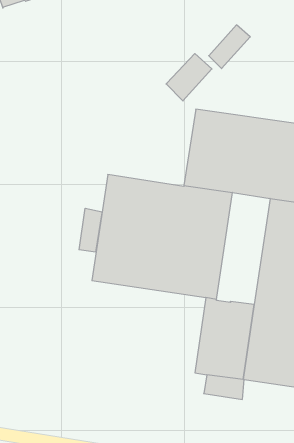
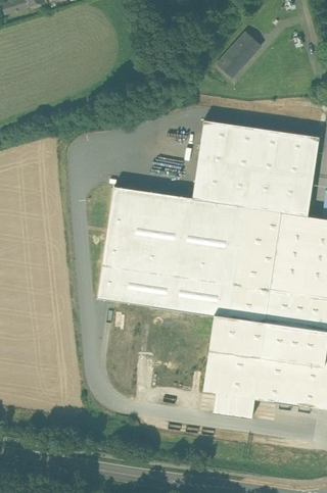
building: [166,54,212,101] -> none
building: none -> [226,205,281,321]
building: [79,208,102,252] -> none

